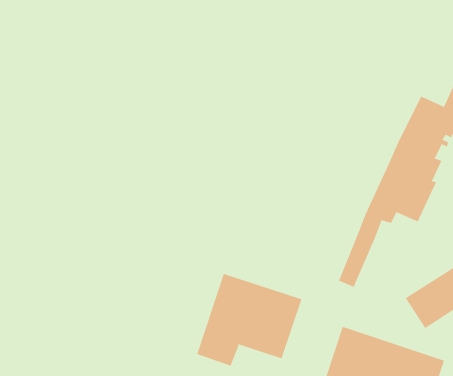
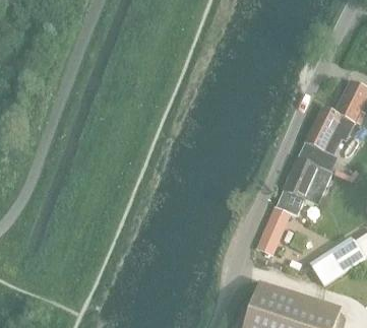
building: [196,273,302,366] -> none

